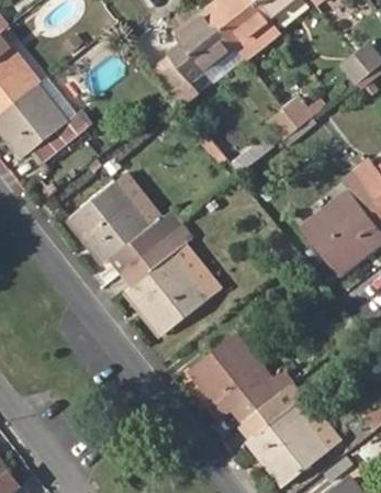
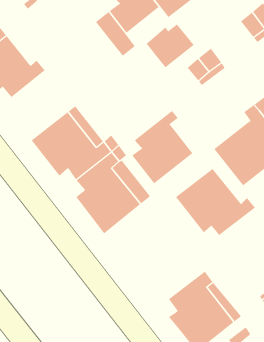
building: none -> [146,23,195,68]
building: none -> [131,110,193,184]
building: [189,333,292,419] -> [175,168,256,236]

